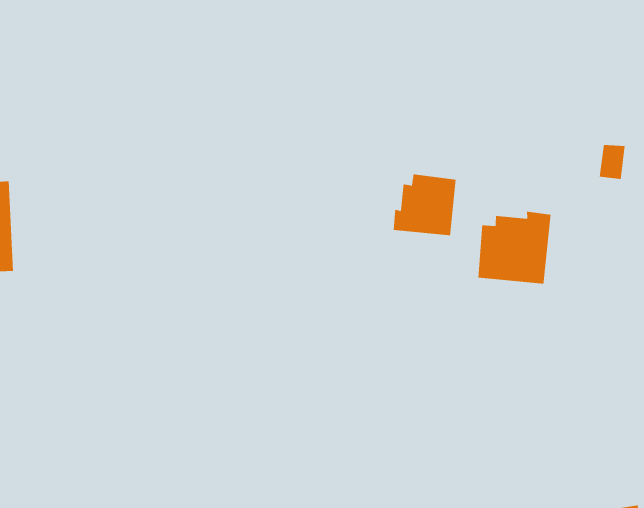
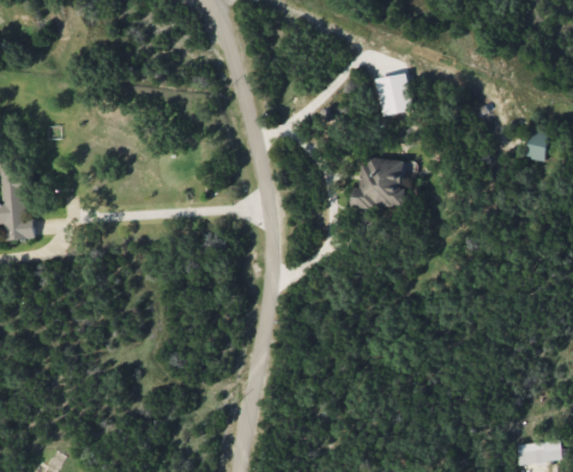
building: none -> [376,74,412,115]
building: [478,211,551,285] -> none

